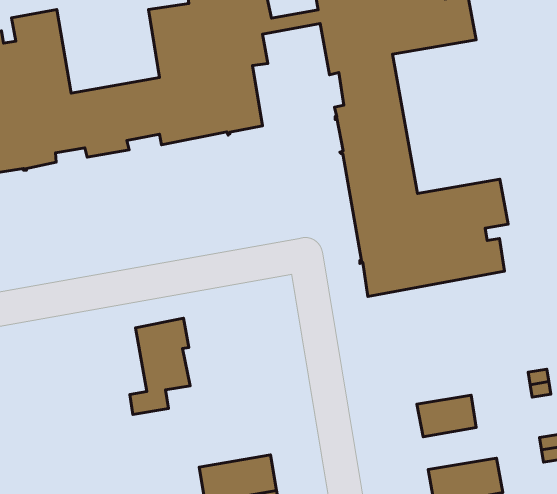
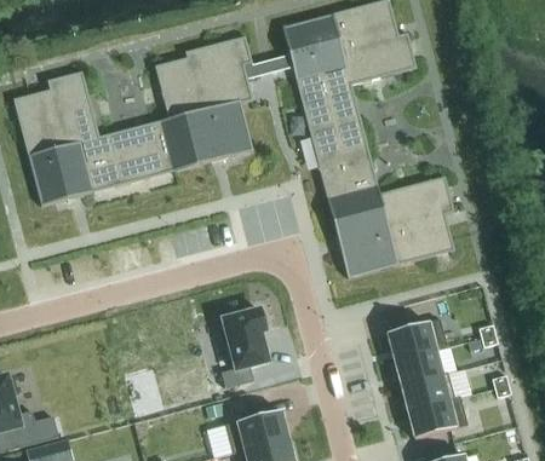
building: [130,318,190,415] -> [222,307,269,387]
building: none -> [386,318,447,359]
building: none -> [401,373,455,410]

